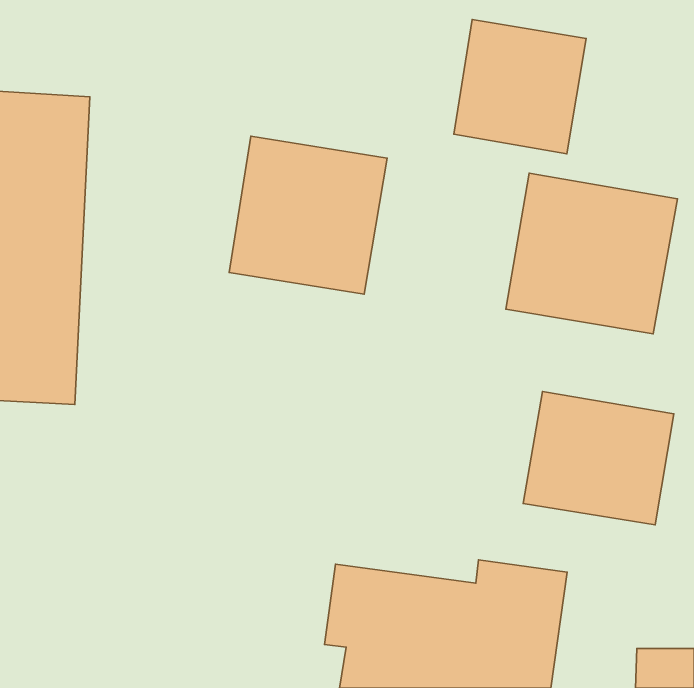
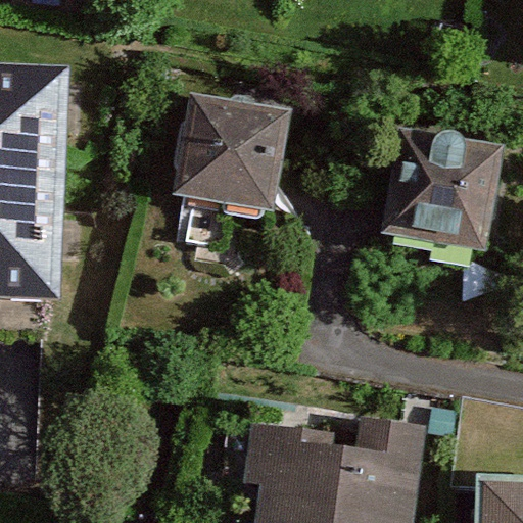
building: [454,20,586,154] -> none
building: [523,392,674,525] -> none

